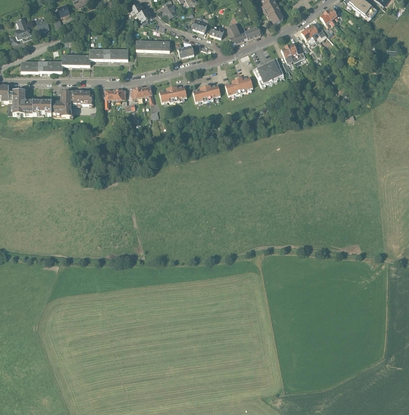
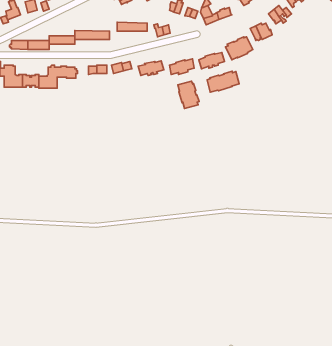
building: none -> [207,71,239,92]
building: none -> [178,81,199,109]

